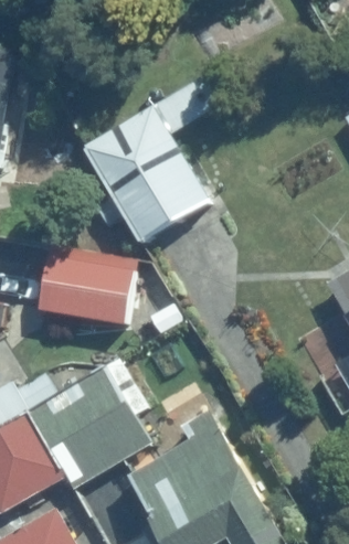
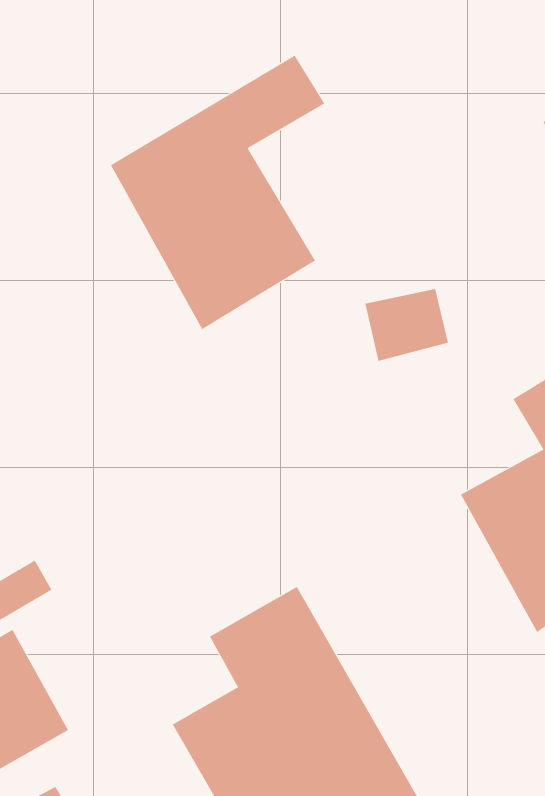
building: [39,256,135,323] -> none
building: [35,375,151,488] -> none

